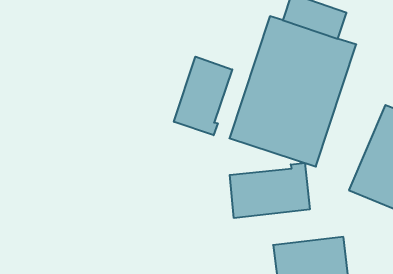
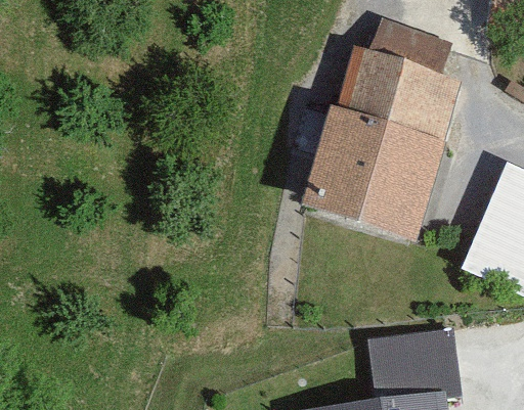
building: [174,57,232,135] -> none
building: [230,163,310,218] -> none

